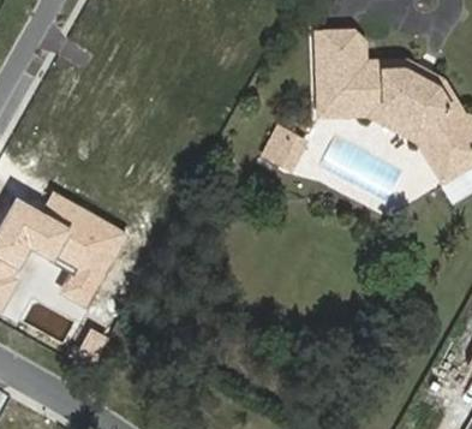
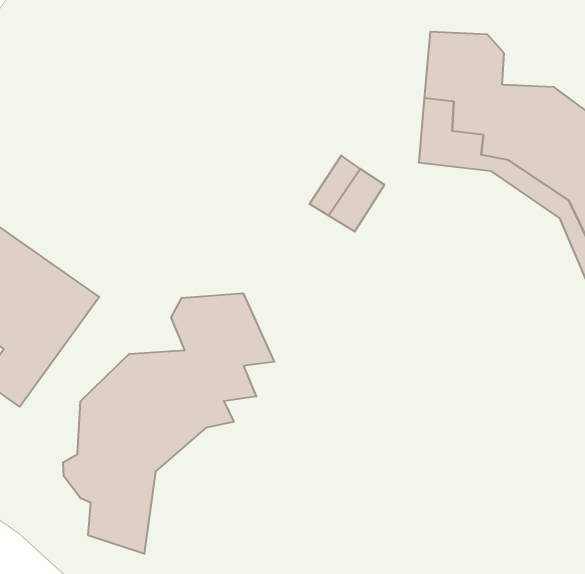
building: none -> [63,293,274,554]

